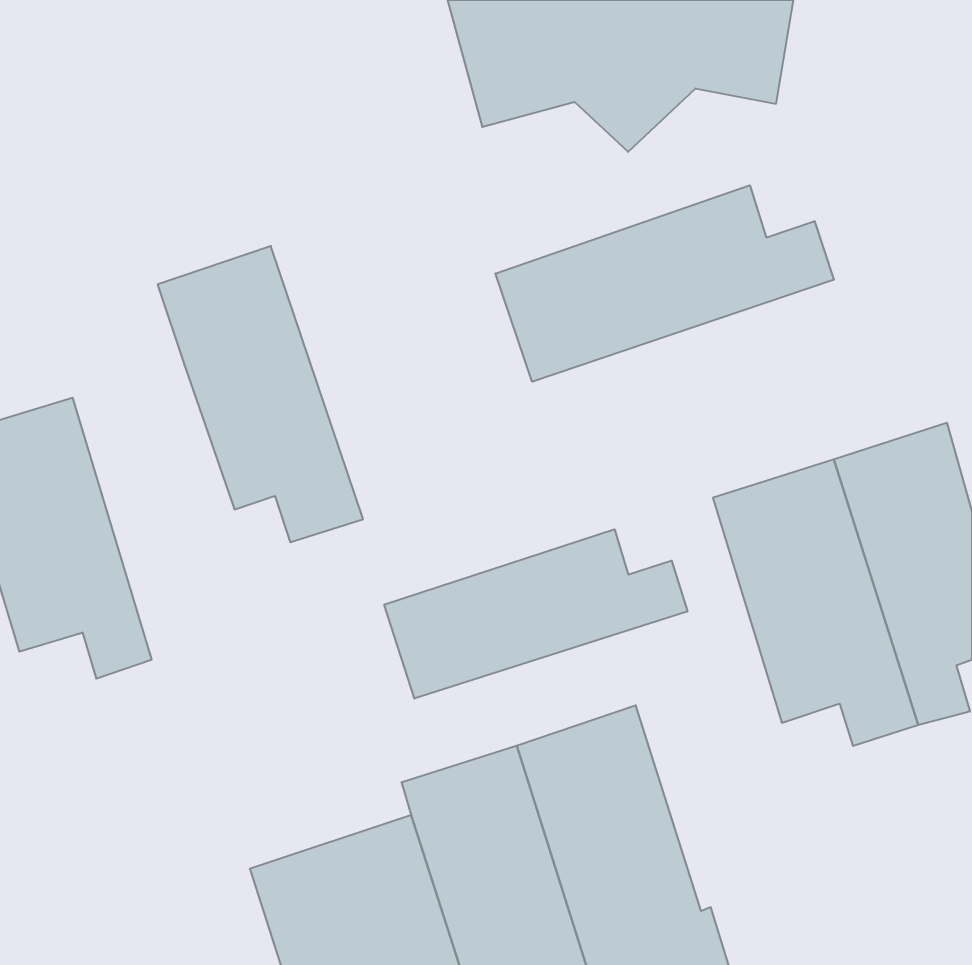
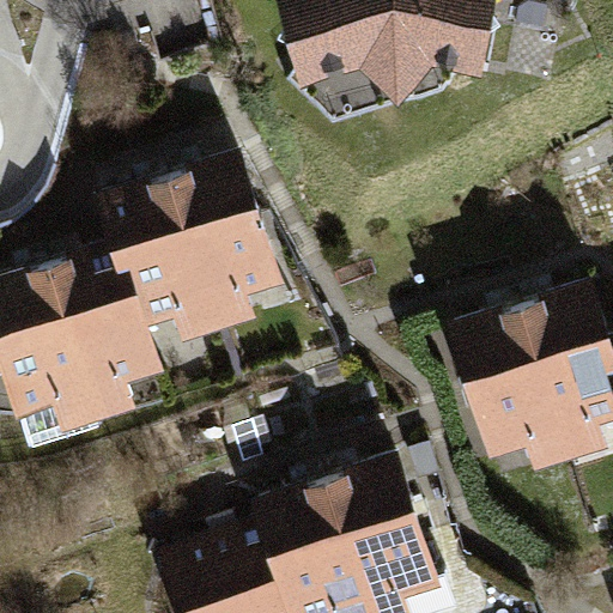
building: [495,185,834,382] -> none
building: none -> [169,142,284,334]
building: none -> [45,238,158,421]
building: [384,529,687,699] -> none

